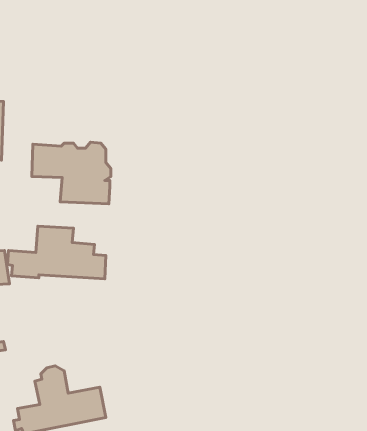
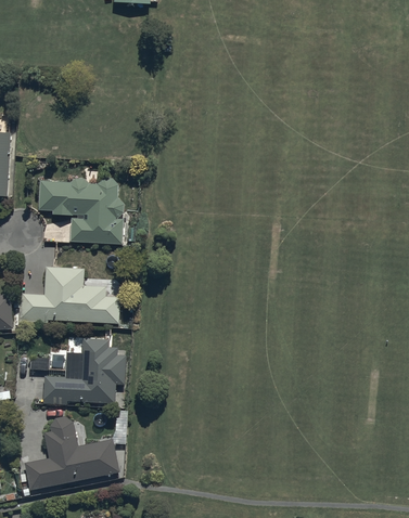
building: none -> [30,338,125,405]

